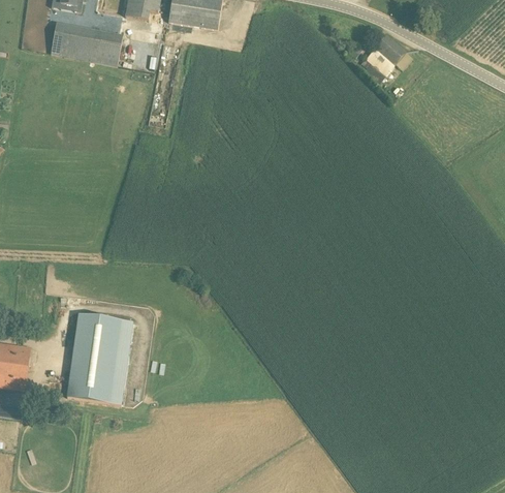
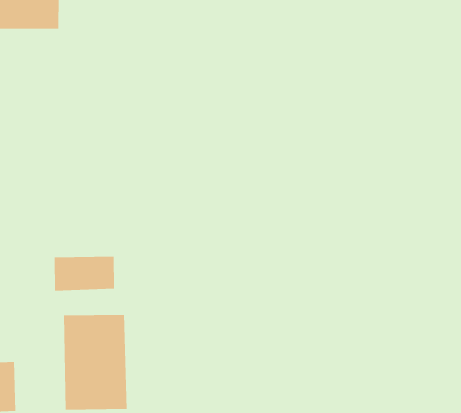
building: none -> [54,256,115,291]

